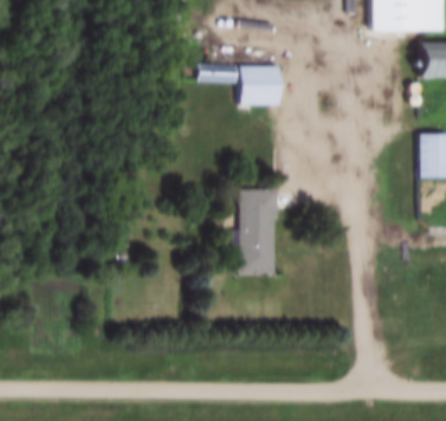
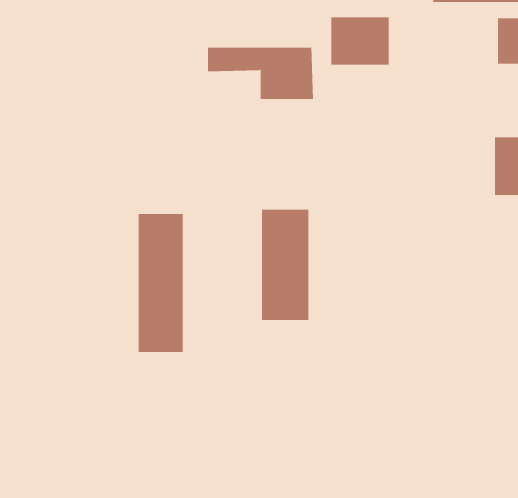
building: none -> [331,16,389,66]
building: none -> [138,213,183,353]

